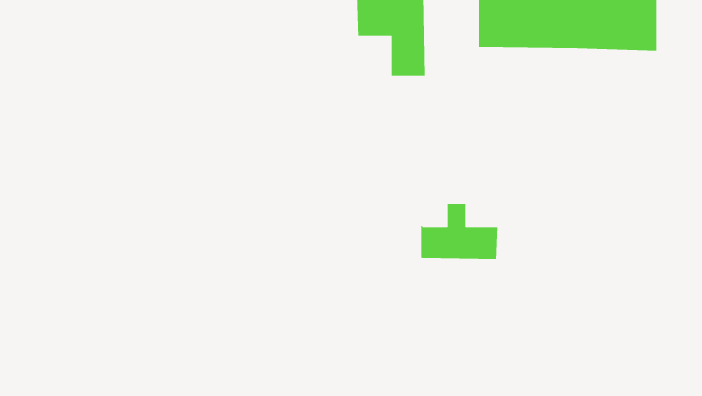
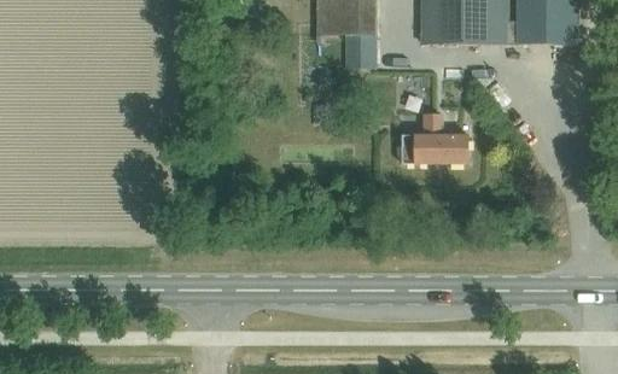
building: [420,203,498,260] -> [401,115,468,164]

